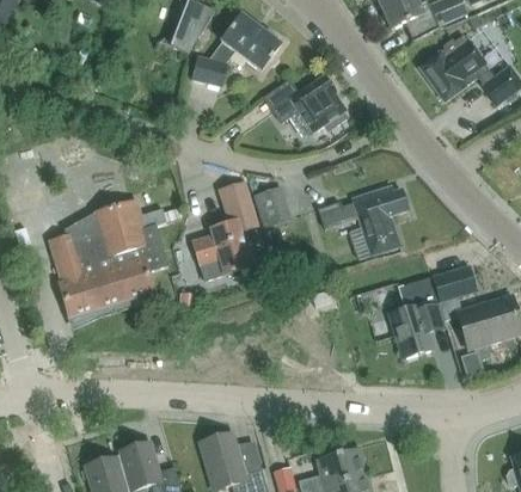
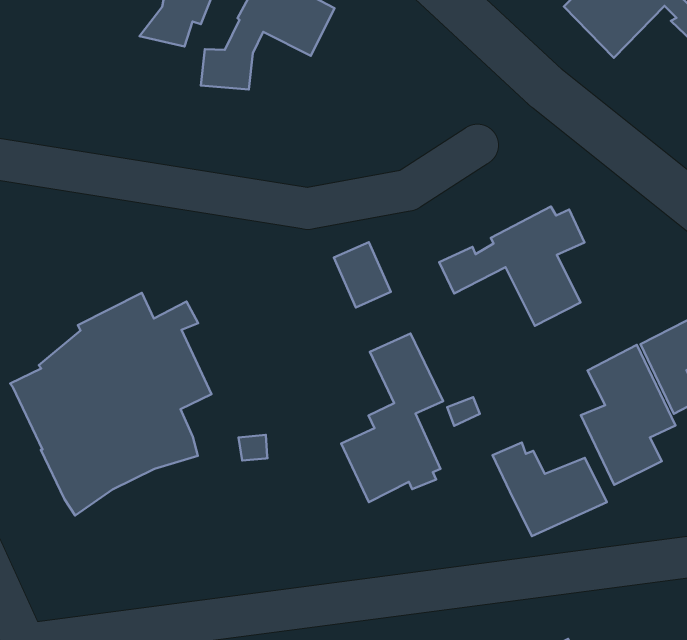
building: [263,74,347,131] -> none
building: [194,180,259,278] -> [341,333,443,502]
building: none -> [492,442,607,536]

